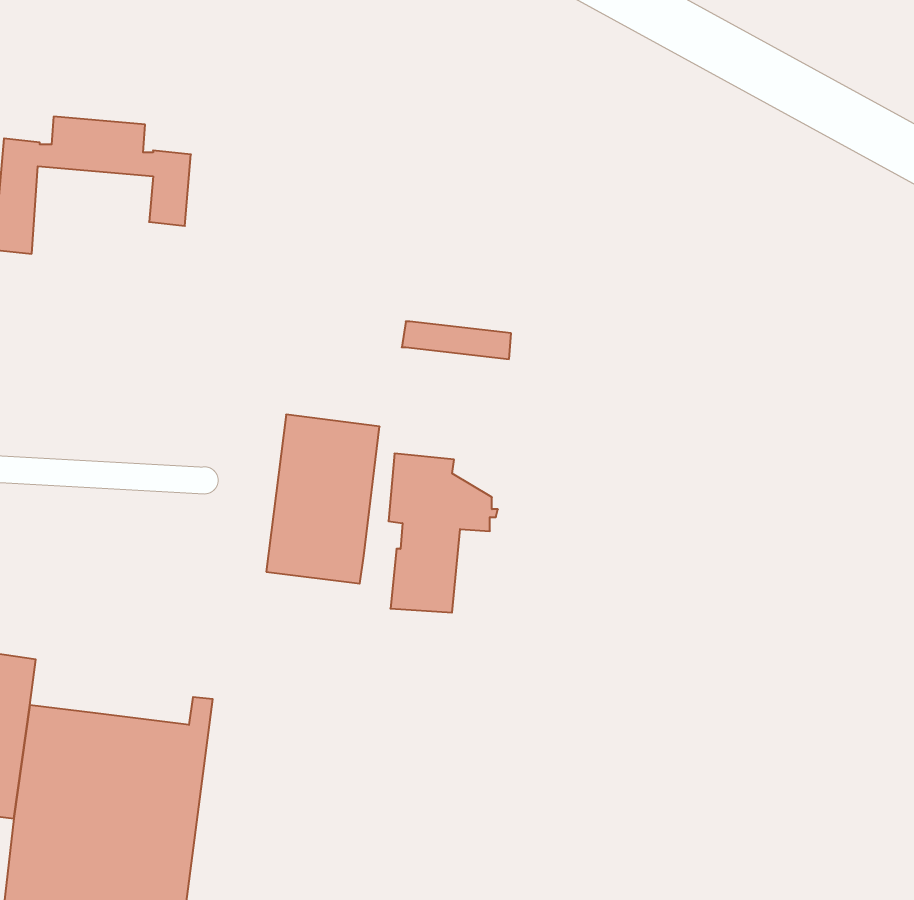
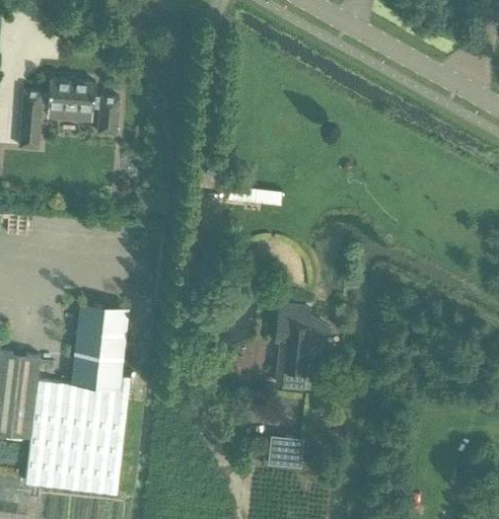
building: [266,415,380,584] -> [71,305,129,391]
building: [388,454,498,613] -> [275,305,331,386]
building: none -> [266,440,301,472]

